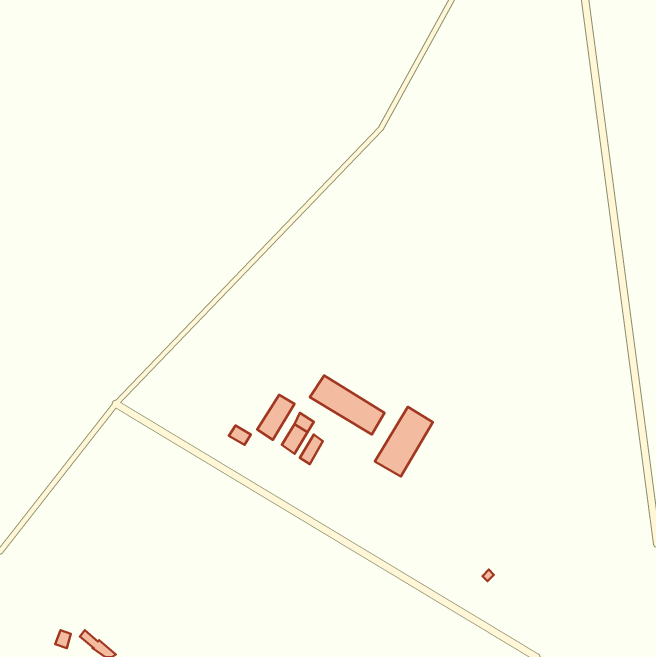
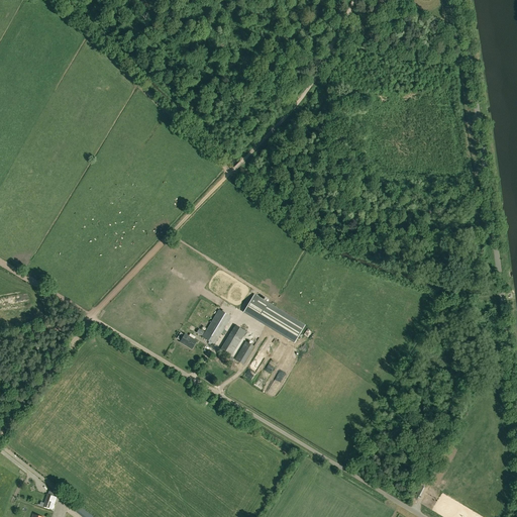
building: [375,407,433,476] -> none

